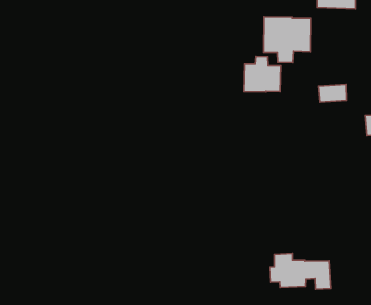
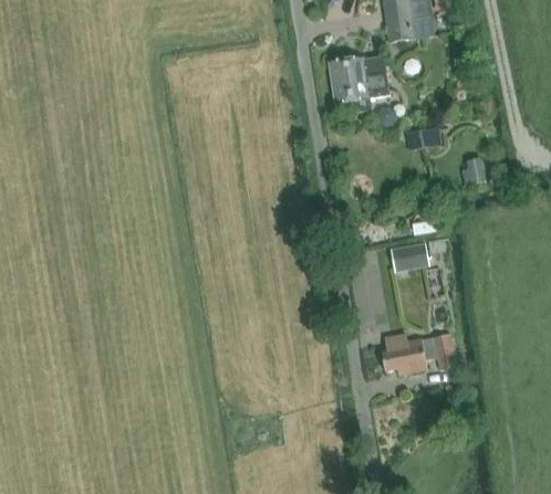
building: [244,57,281,92] -> none
building: none -> [389,243,429,271]

